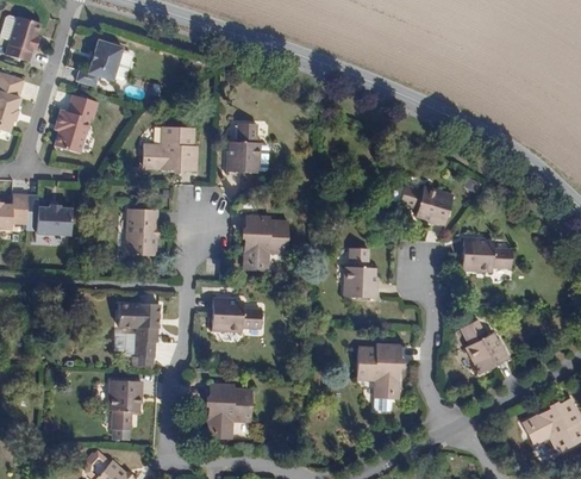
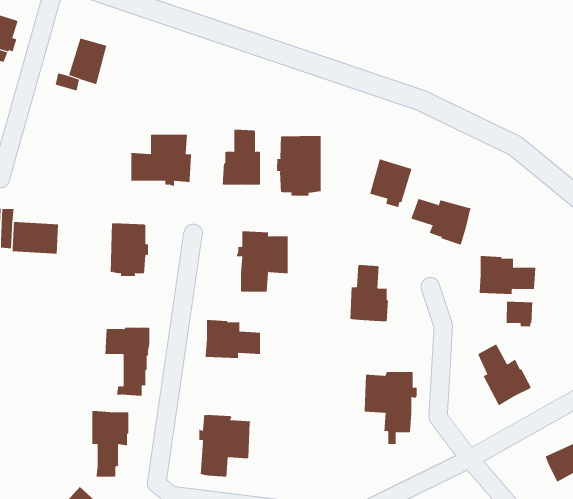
building: [52,94,96,153] -> none
building: none -> [277,135,321,198]
building: none -> [369,158,412,208]
building: none -> [506,301,533,327]

